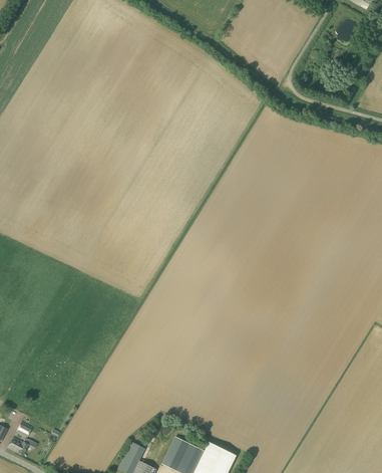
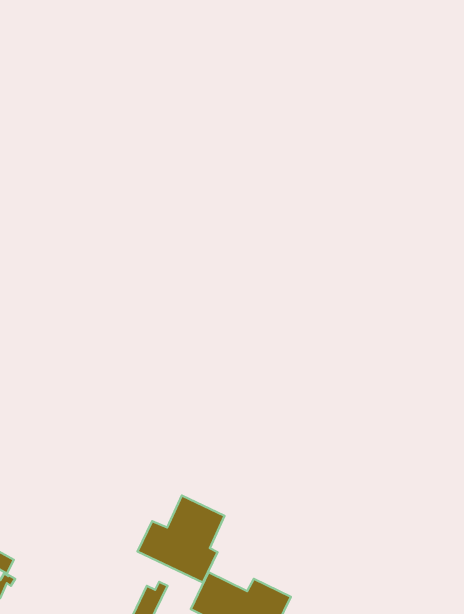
building: none -> [138,495,225,583]

